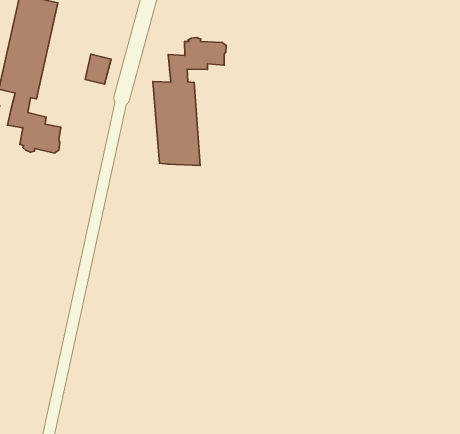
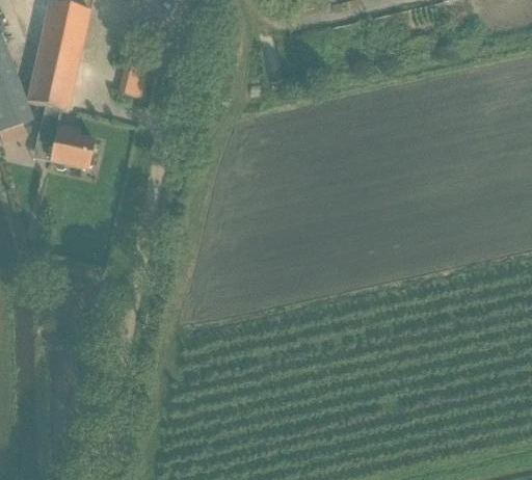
building: [153,38,226,165] -> none

